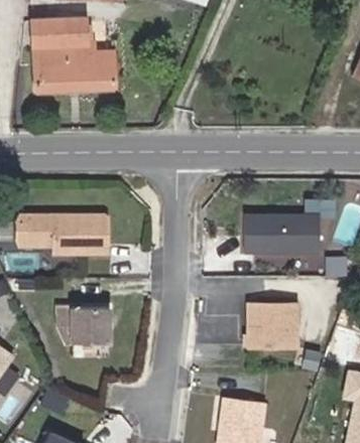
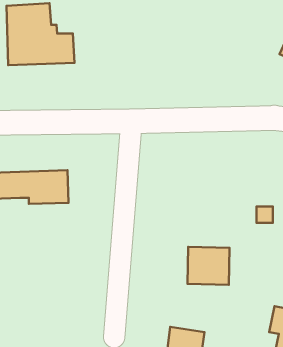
building: [244,213,319,254] -> none
building: [54,308,107,344] -> none

